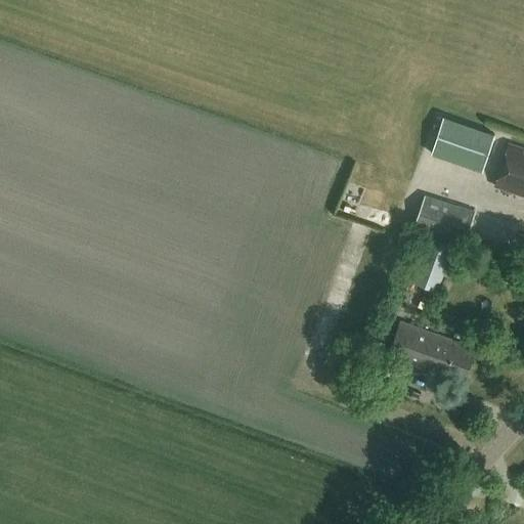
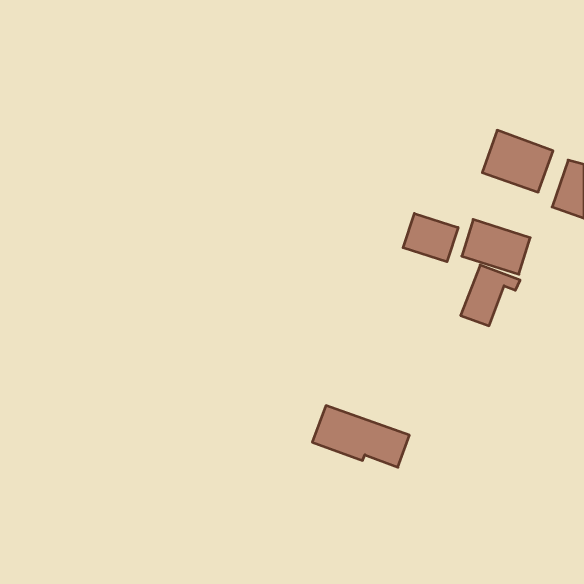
building: none -> [403,213,458,262]
building: [388,322,475,378] -> [312,406,409,467]

